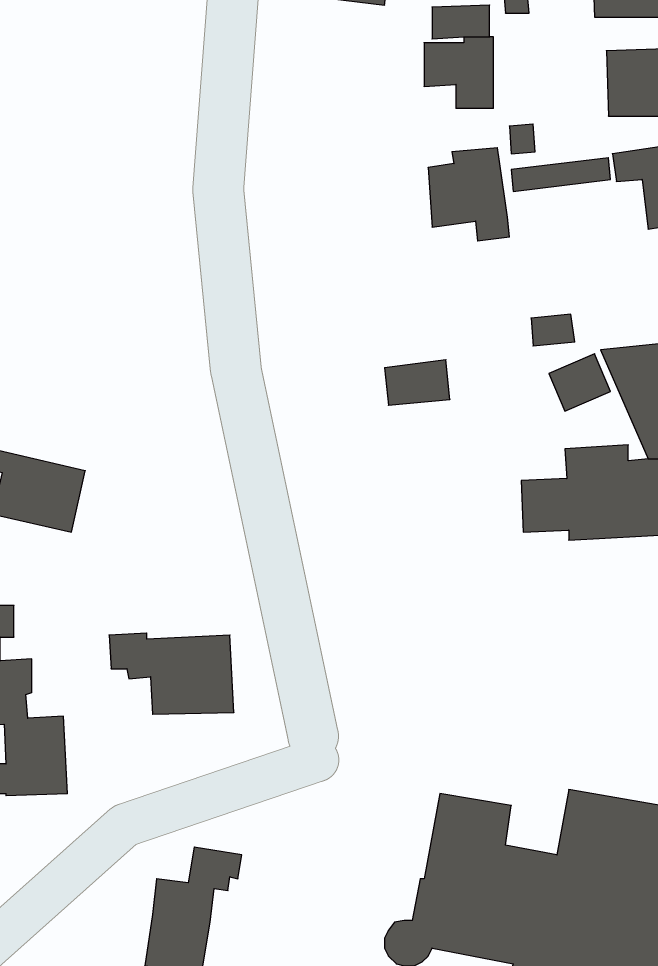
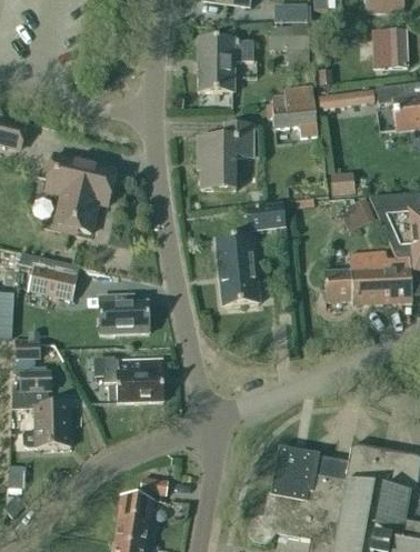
building: none -> [198,38,253,91]
building: none -> [198,123,252,189]
building: none -> [44,154,116,232]
building: none -> [216,237,259,307]
building: none -> [98,295,149,333]

